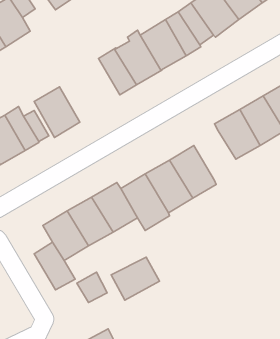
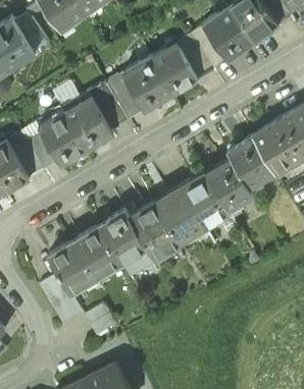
building: none -> [65,97,113,149]
building: none -> [206,158,254,210]
building: [111,257,160,300] -> none

